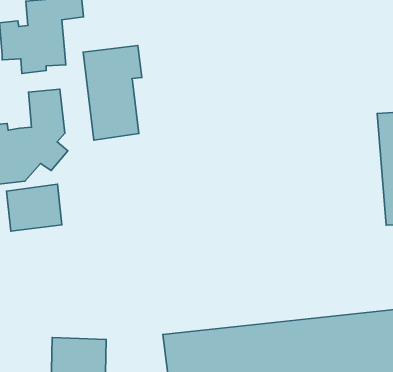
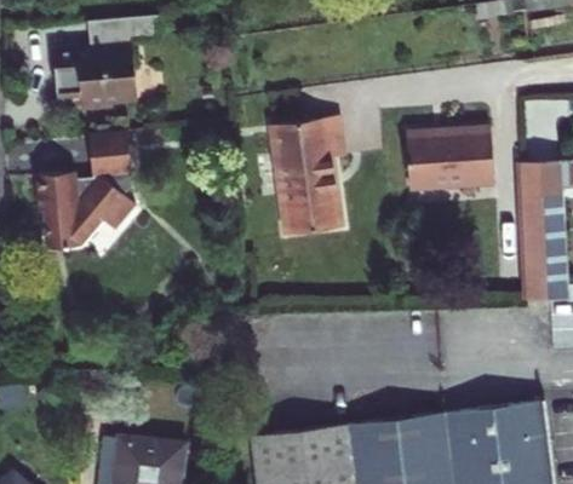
building: [83,45,142,140] -> [275,113,348,230]
building: none -> [399,129,488,190]
building: [7,184,62,231] -> none

